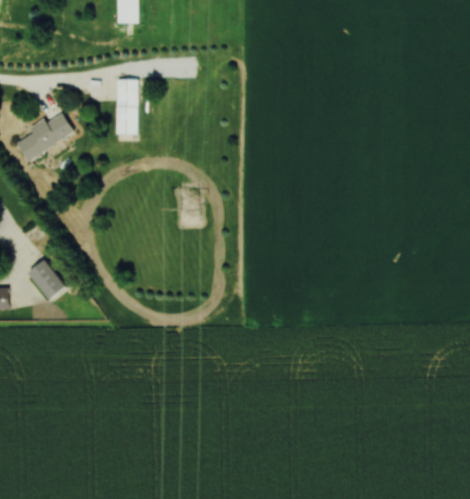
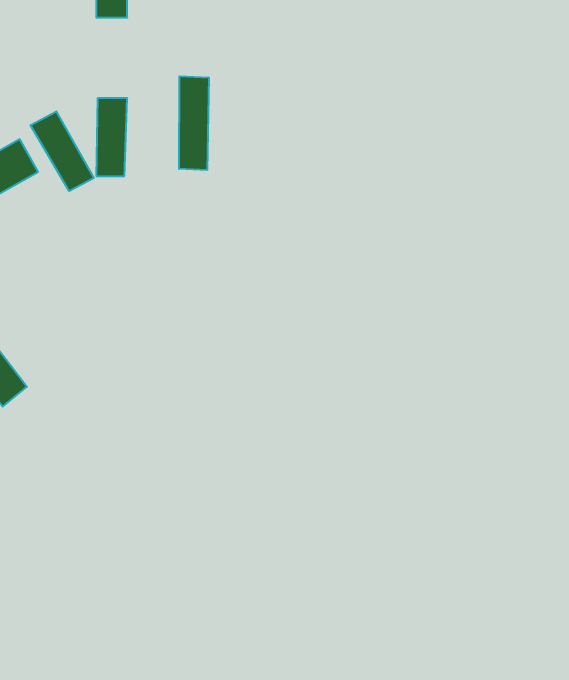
building: none -> [179,76,209,170]
building: none -> [31,111,94,191]

